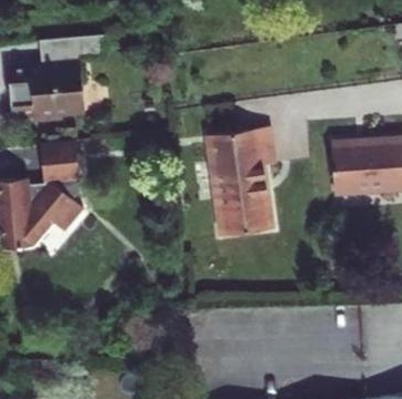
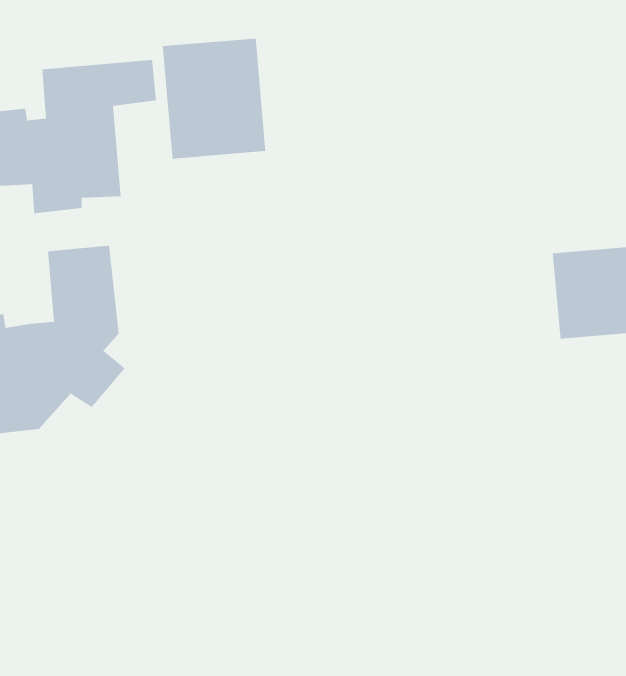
building: none -> [162,38,266,159]
building: [211,124,278,232] -> none

